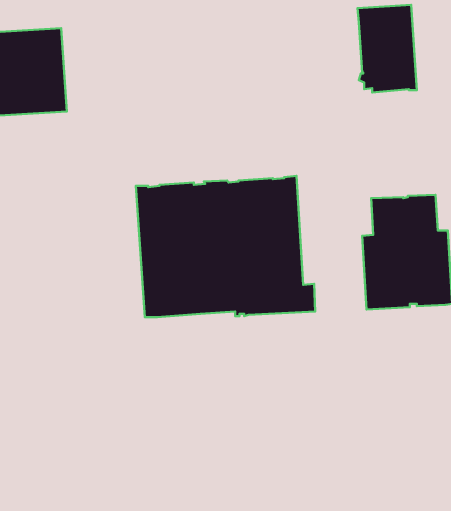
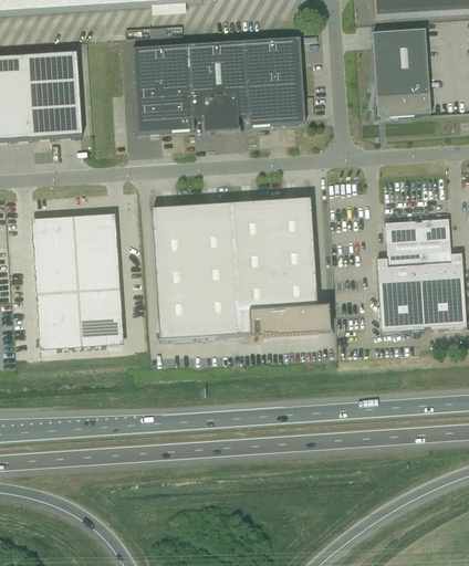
building: none -> [133,36,304,132]
building: none -> [33,213,123,347]

